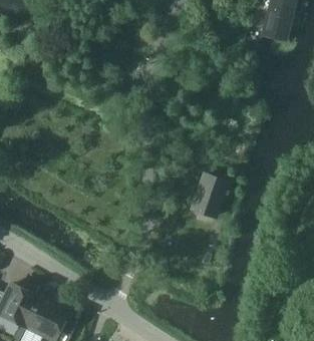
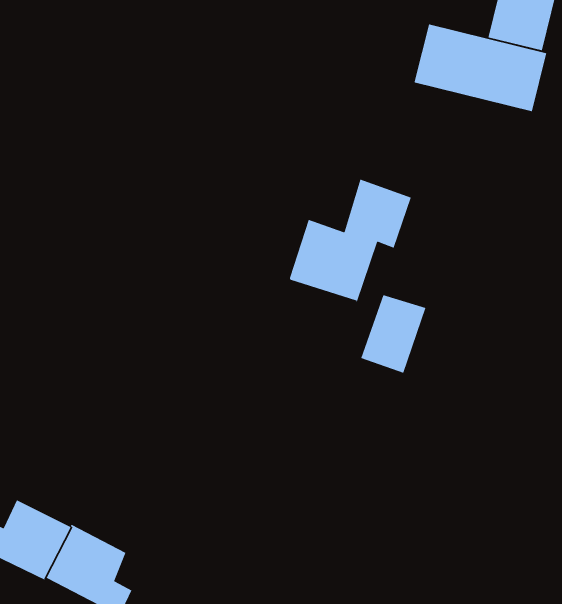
building: none -> [413,23,547,112]
building: none -> [289,178,412,303]

